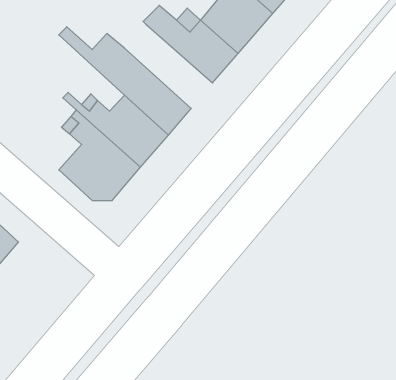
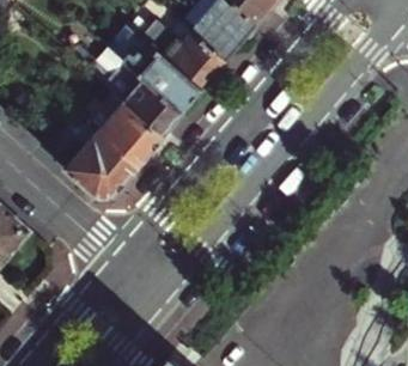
building: none -> [122,39,201,115]

